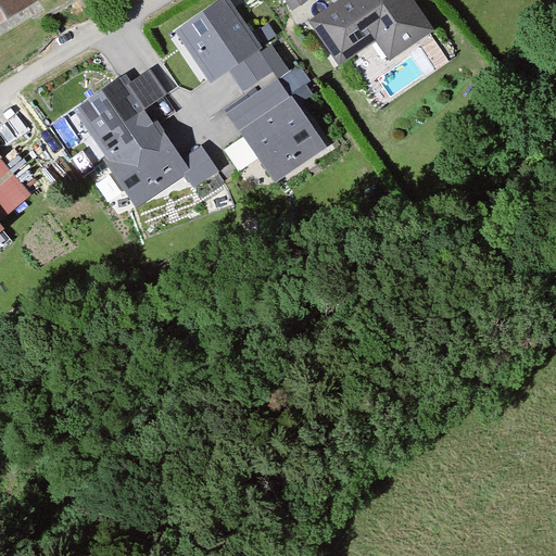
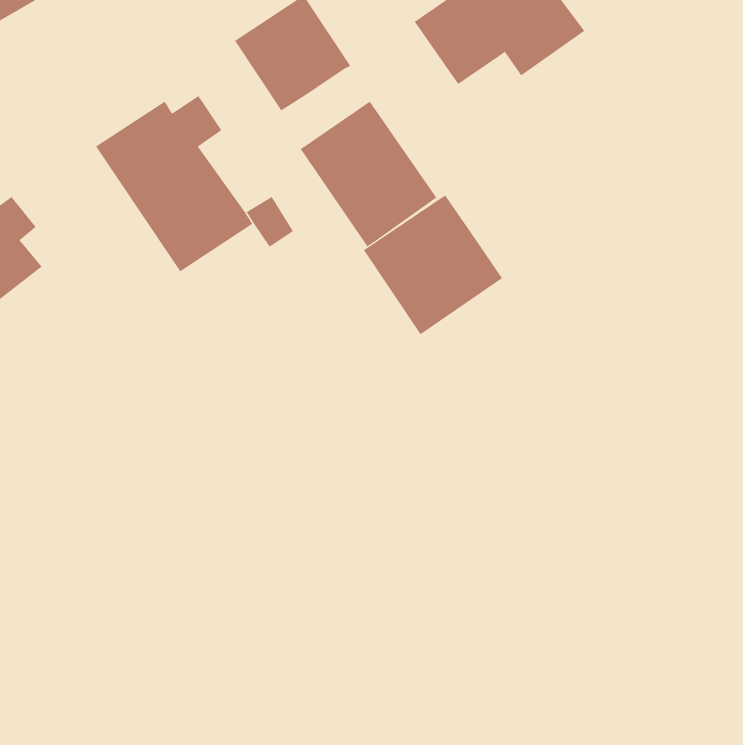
building: [226,51,275,97] -> none
building: none -> [363,195,503,335]

